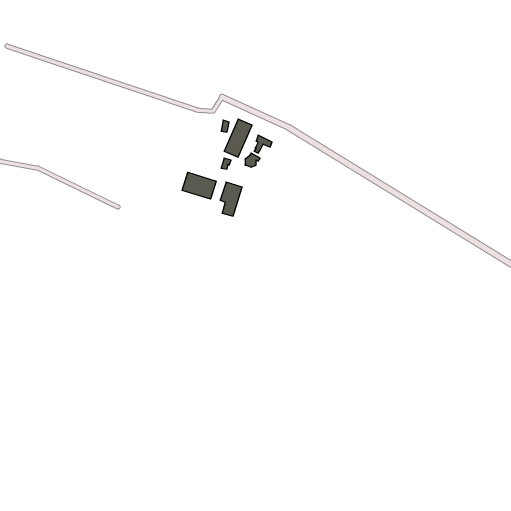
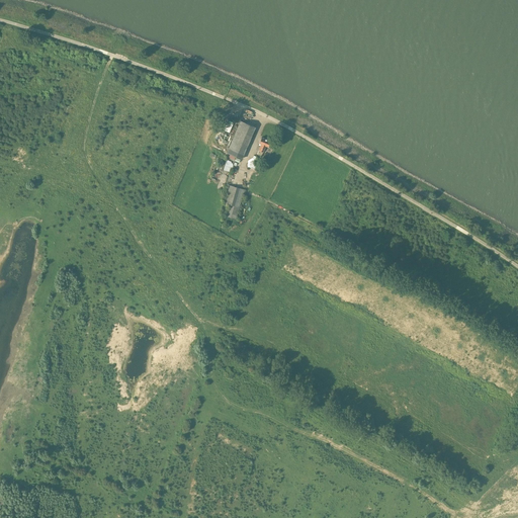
building: [182,172,216,199] -> none

